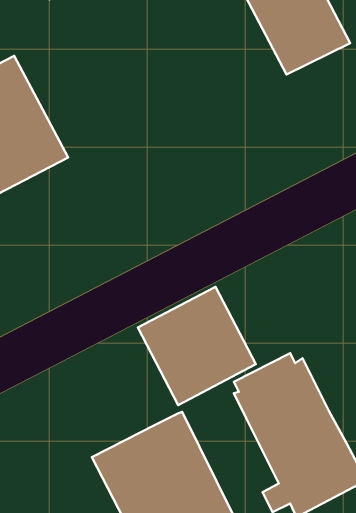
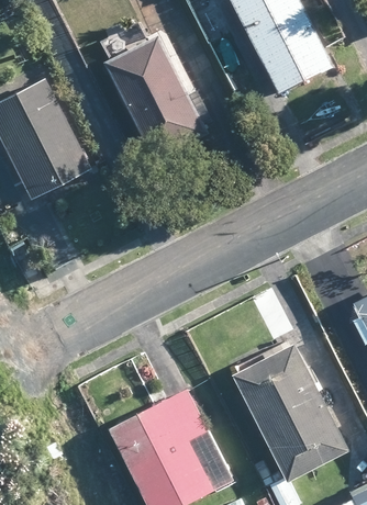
building: none -> [103,34,210,161]
building: [138,287,256,405] -> none

